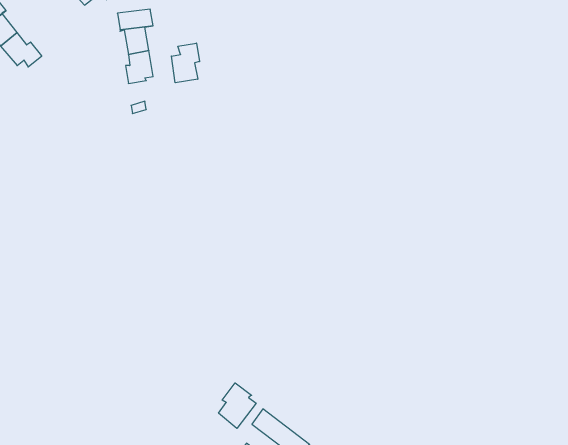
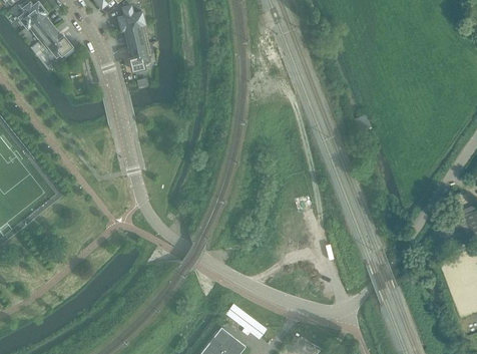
building: [171,43,200,83] -> none
building: [219,383,256,428] -> none

